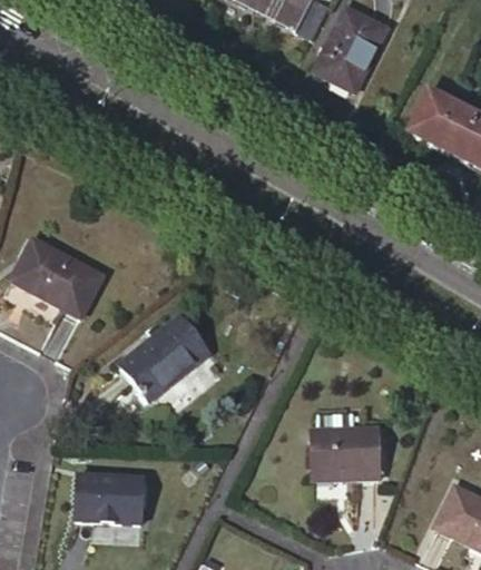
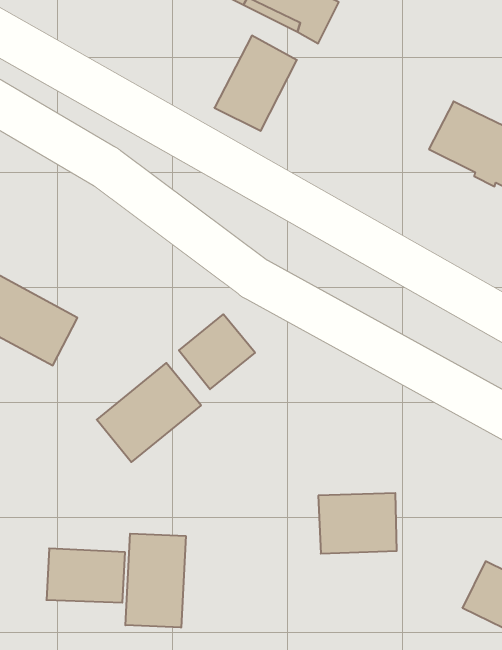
building: [315,6,386,88] -> [214,36,297,131]
building: none -> [179,314,255,389]
building: none -> [125,534,186,628]

